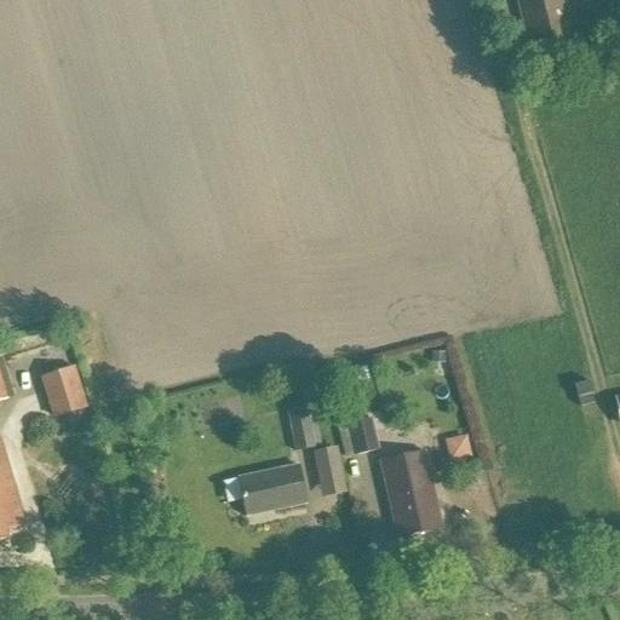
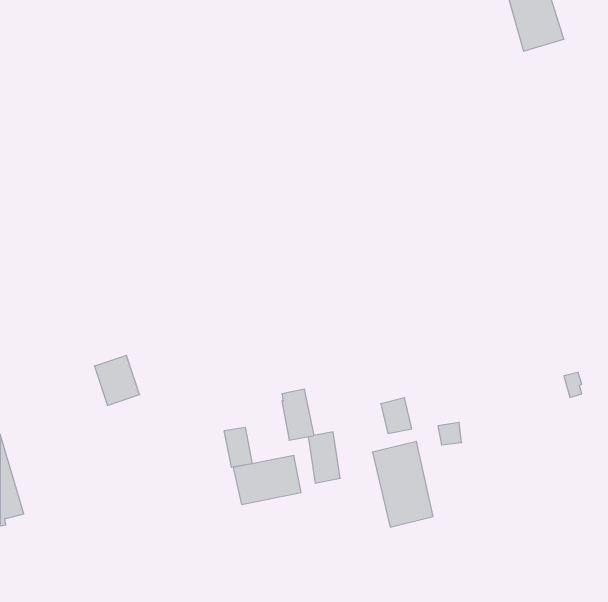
building: [41,363,87,414] -> [94,355,140,405]
building: [348,415,379,452] -> [381,398,412,433]
building: none -> [224,427,252,467]

